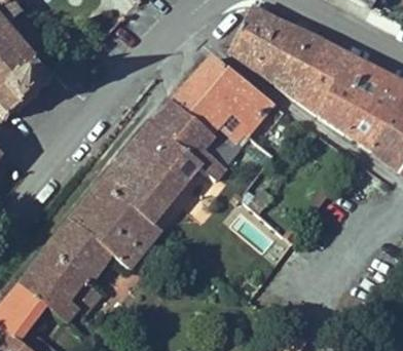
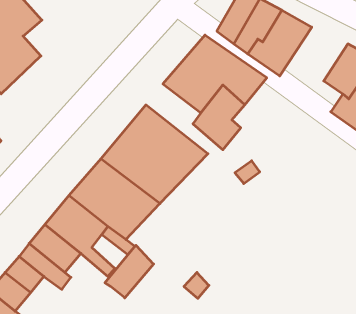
building: [290,42,360,129] -> none
building: [152,101,231,179] -> none
building: none -> [105,245,154,298]

